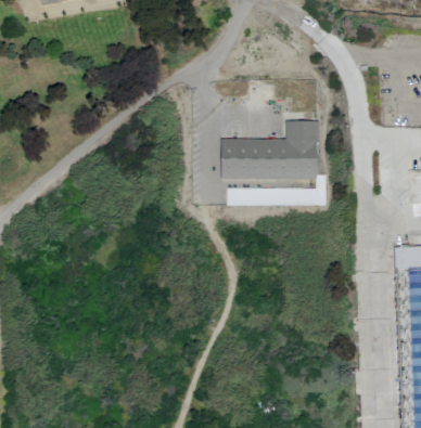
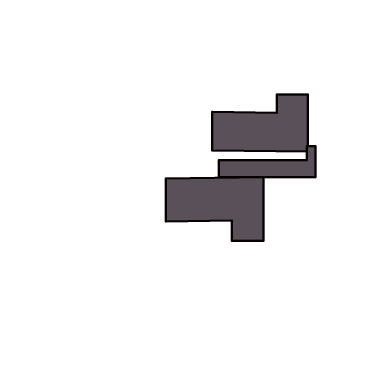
building: none -> [166,177,263,241]

